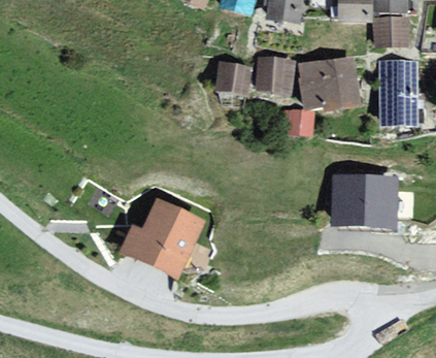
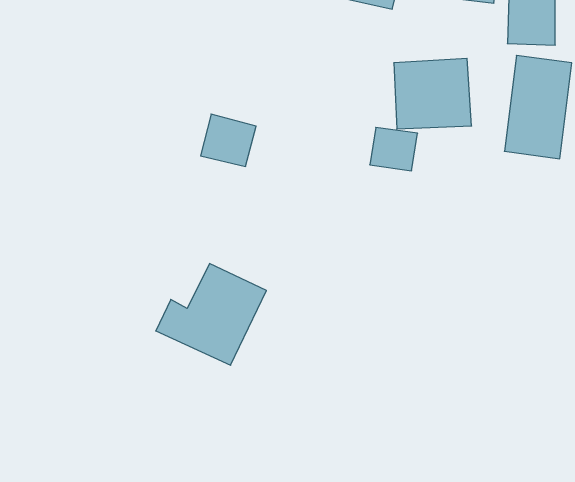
building: [251,53,292,93] -> none
building: [213,58,251,94] -> [201,114,256,166]
building: [327,171,391,231] -> none

